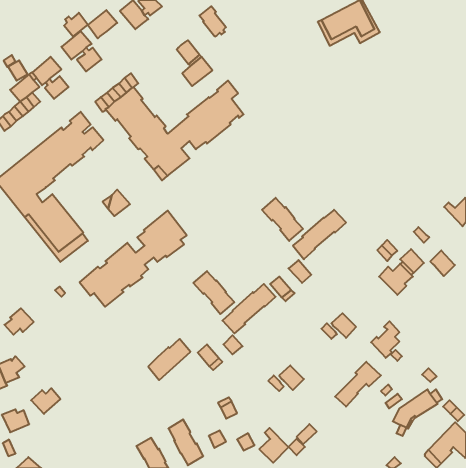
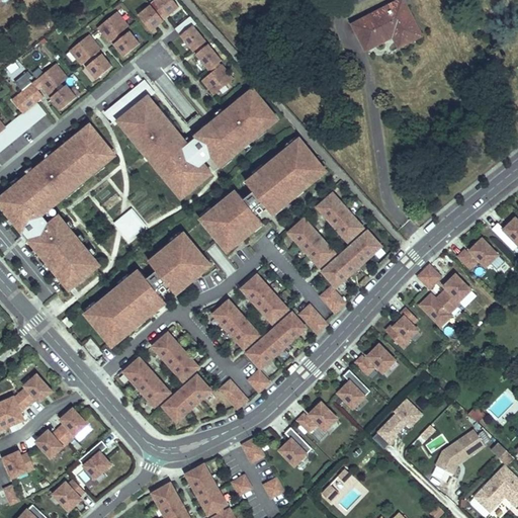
building: [199,6,226,36] -> [176,18,205,52]
building: [64,13,88,37] -> [113,30,140,57]
building: none -> [203,140,322,245]
building: none -> [319,192,364,240]
building: none -> [243,274,288,321]
building: [430,250,455,276] -> [468,239,496,267]
building: none -> [152,333,197,380]
building: [4,308,34,335] -> [17,375,50,405]
building: [371,321,399,358] -> [384,308,416,348]
building: none -> [122,359,168,406]
building: none -> [337,370,369,409]
building: none -> [57,409,85,441]
building: none -> [78,441,109,479]
building: [259,428,289,463] -> [278,428,311,466]
building: none -> [52,480,83,511]

